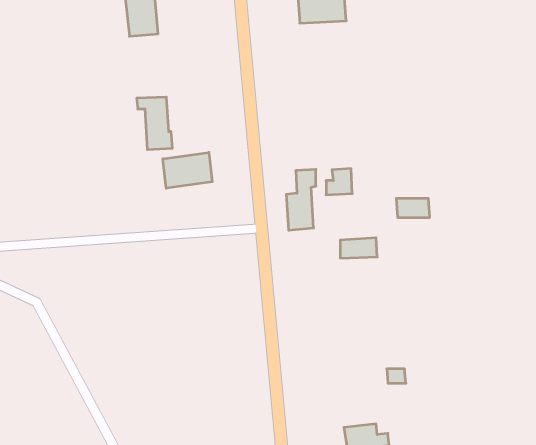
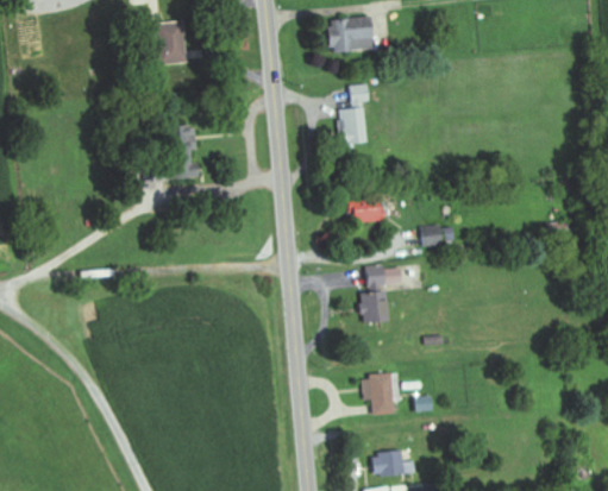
building: [163,152,212,188] -> none
building: [286,169,316,230] -> [339,84,369,145]
building: none -> [359,292,387,323]
building: none -> [363,374,399,415]

